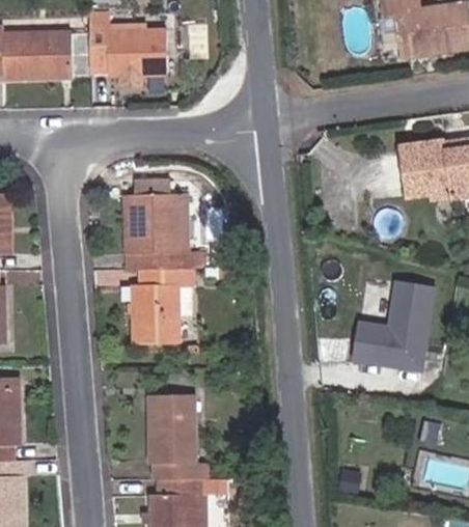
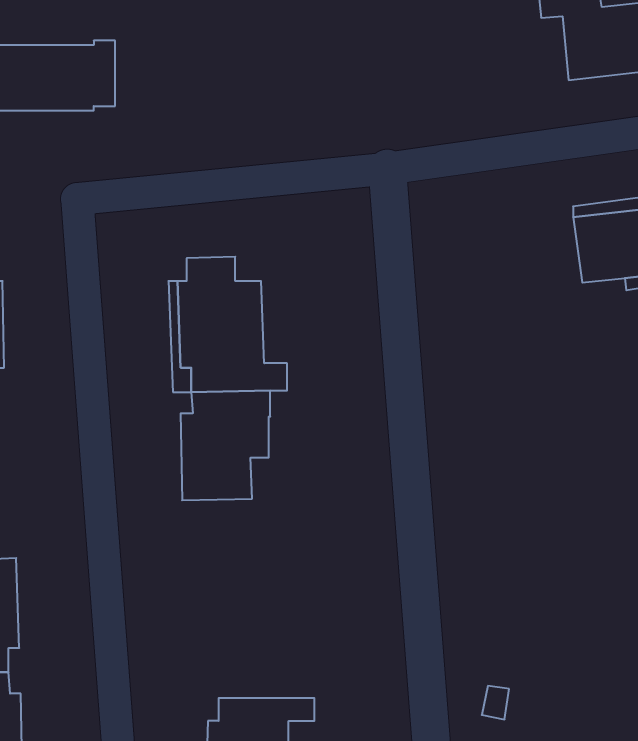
building: [91,12,166,86] -> none
building: [351,280,436,370] -> none
building: [148,394,206,478] -> none

